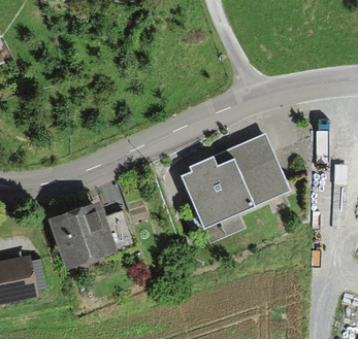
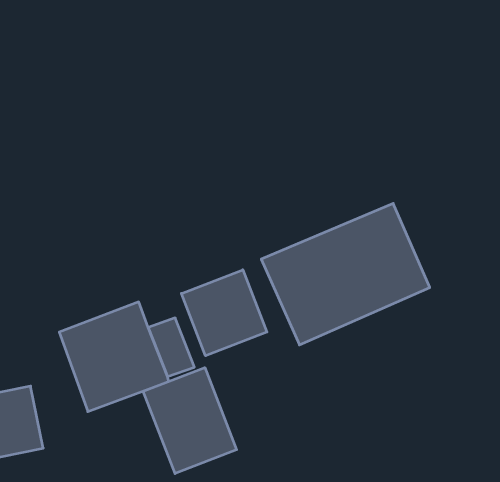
building: none -> [181,270,267,356]
building: none -> [143,368,237,474]

